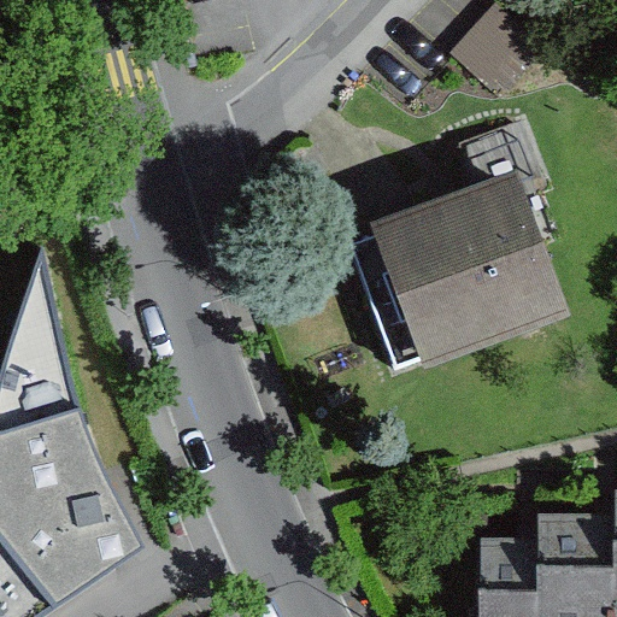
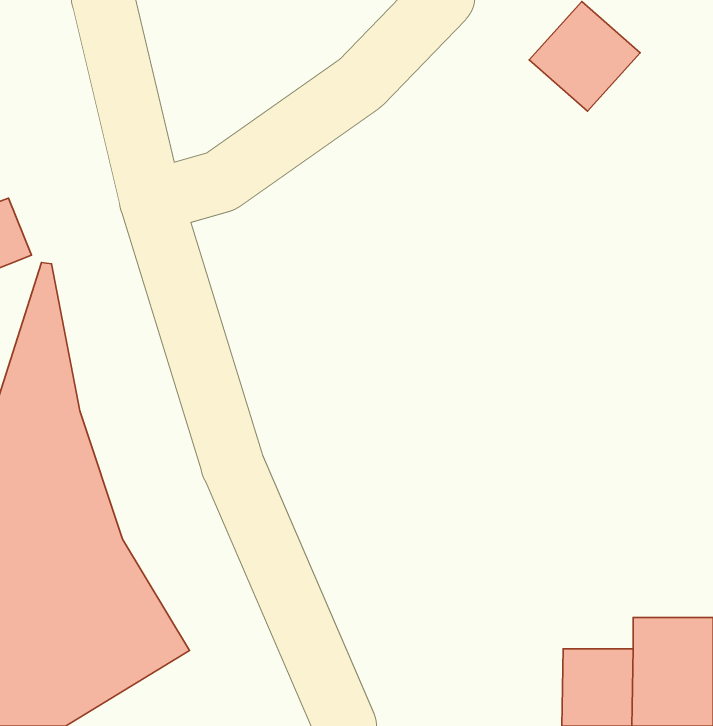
building: [345,178,554,370] -> none

